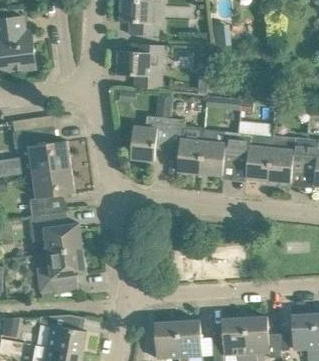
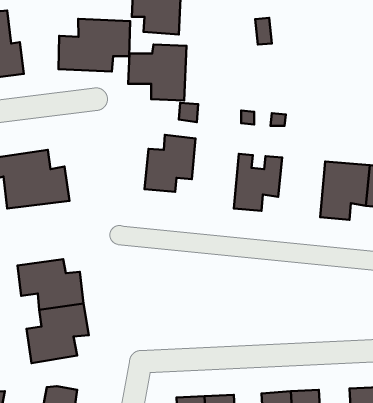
building: none -> [58,19,130,71]
building: [166,118,203,173] -> none
building: [234,133,271,180] -> none
building: [21,167,73,217] -> none

